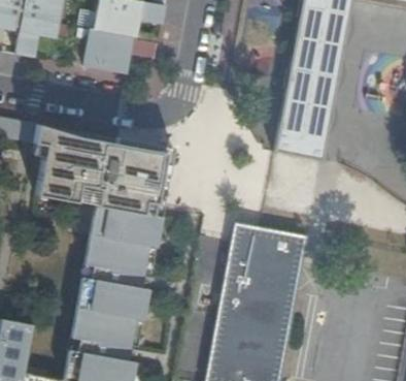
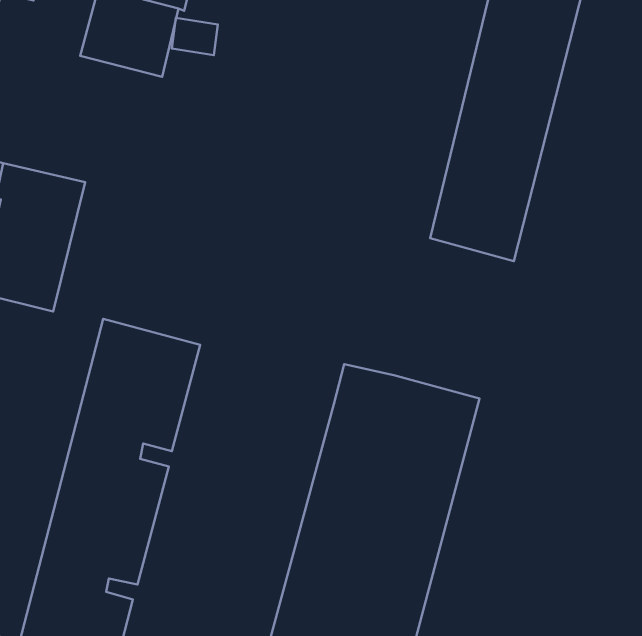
building: [100,136,158,205] -> none

